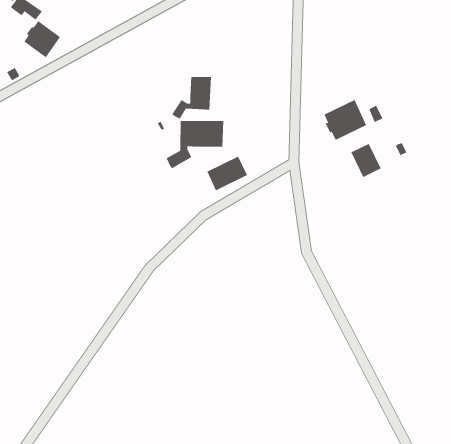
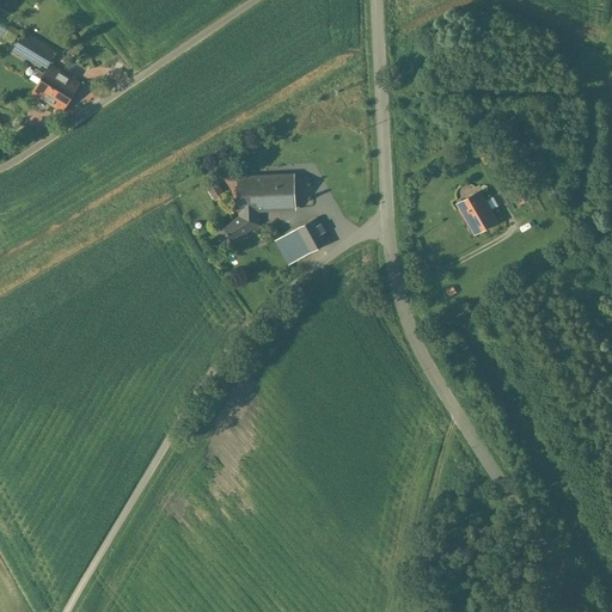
building: [172,76,212,119] -> none
building: [324,99,367,141] -> none

